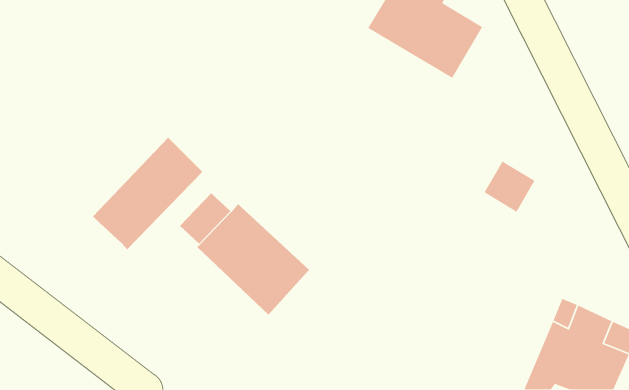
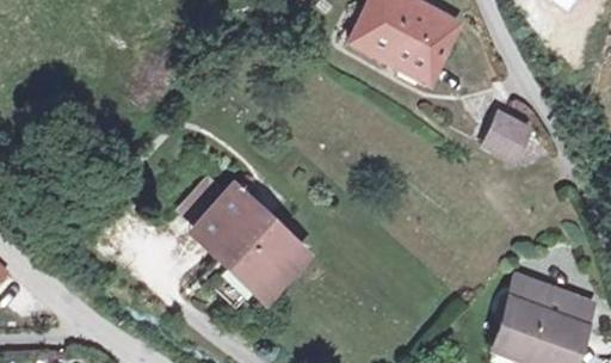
building: [92,137,203,250] -> none
building: [483,161,535,213] -> [483,116,530,162]

